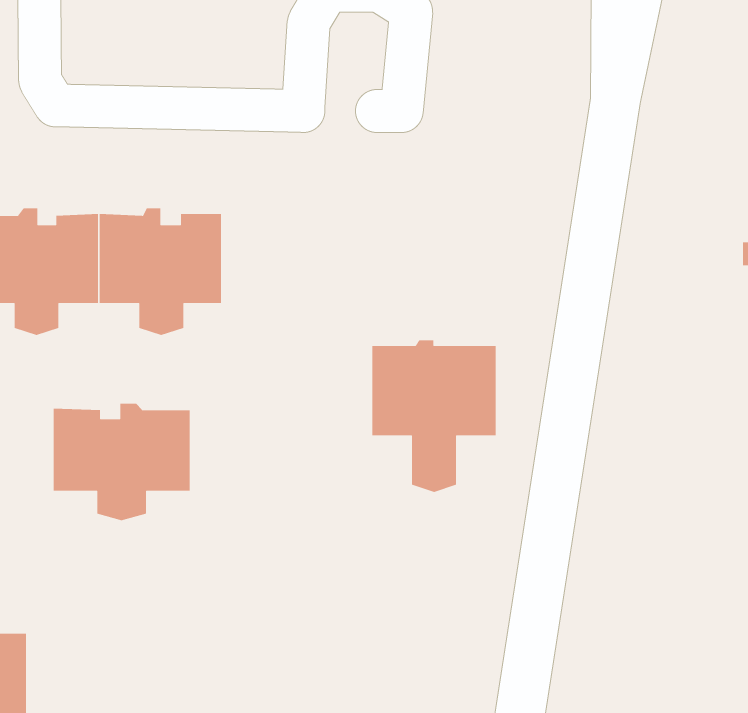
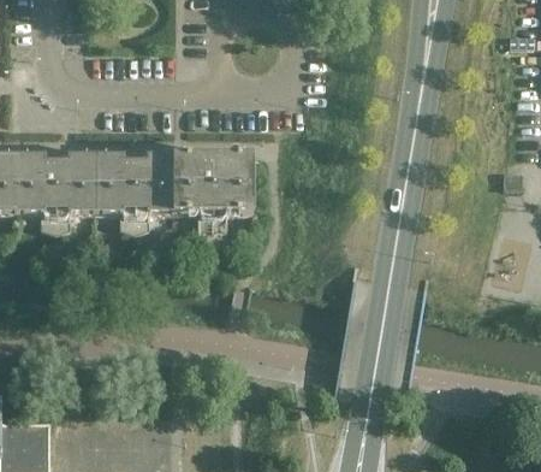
building: [372,340,496,493] -> [171,148,250,246]
building: [53,403,190,521] -> none

